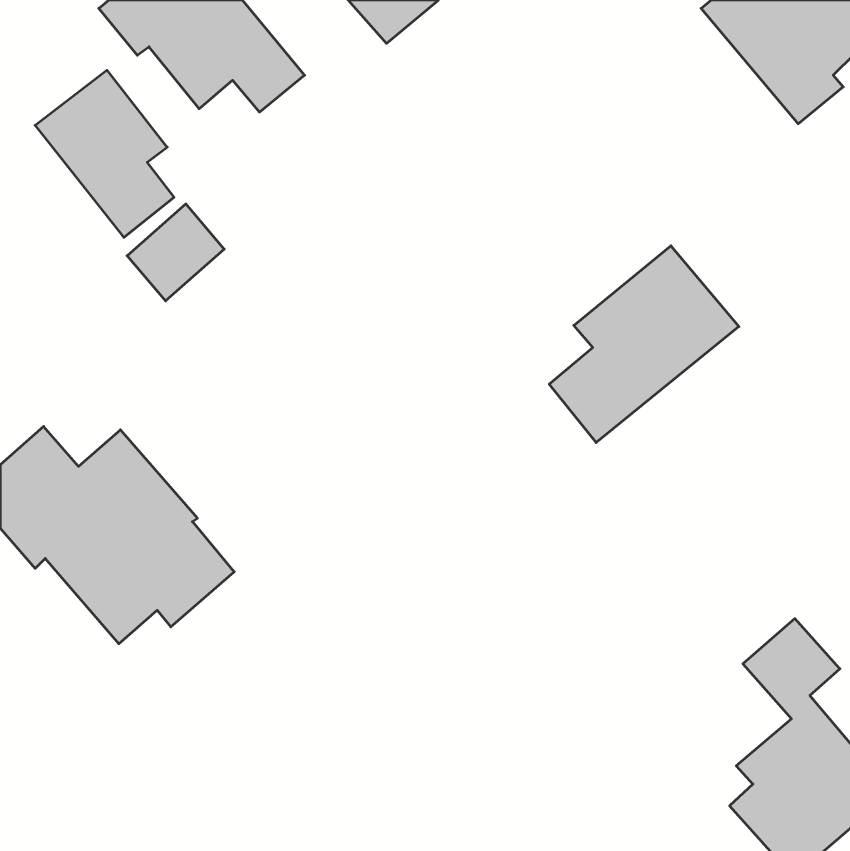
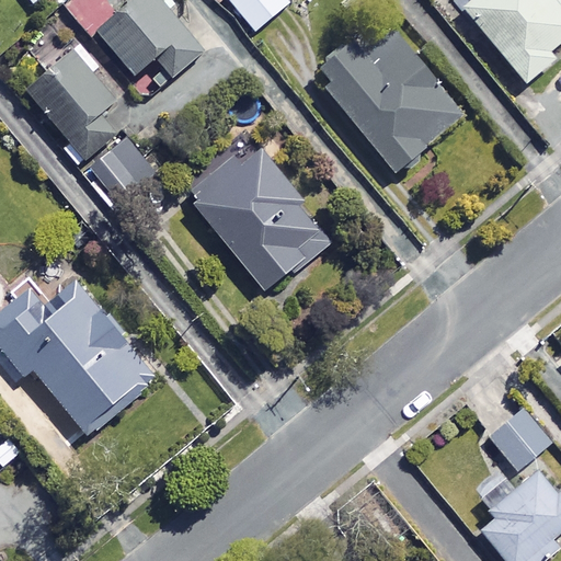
building: none -> [316,31,461,171]
building: none -> [188,148,333,290]
building: [549,246,739,443] -> none

